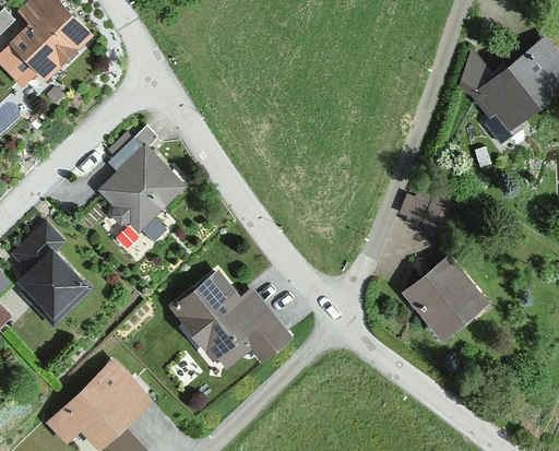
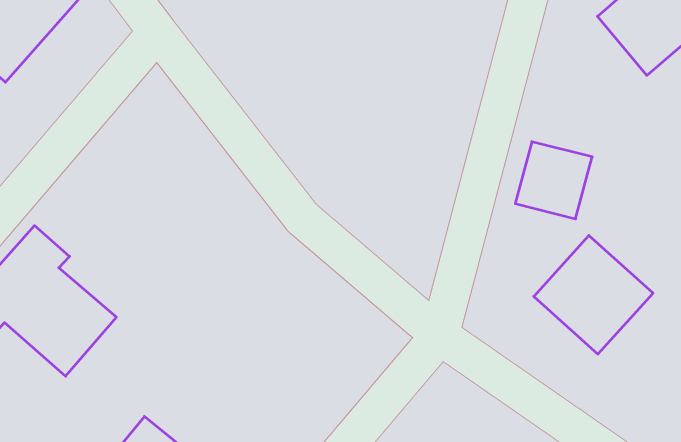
building: [95,144,182,232] -> none
building: [169,271,293,369] -> none

